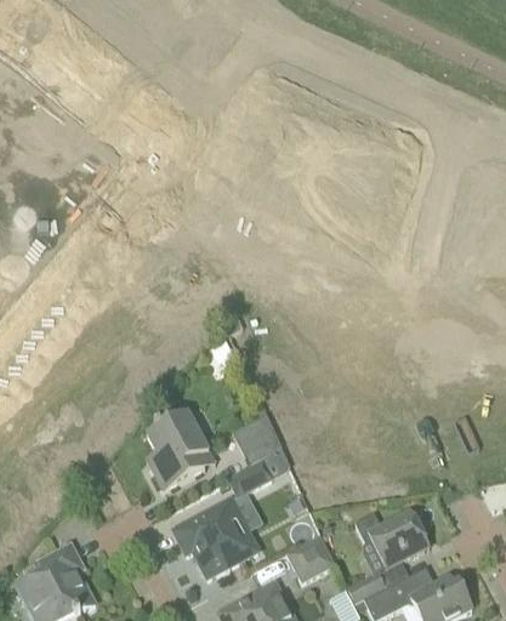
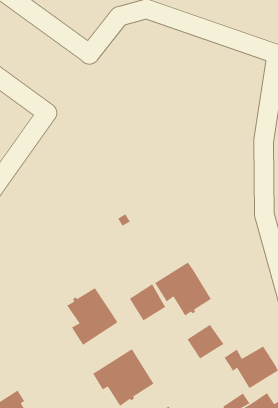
building: none -> [154,261,212,317]
building: [229,460,273,495] -> none
building: [286,534,337,581] -> [187,324,224,359]

